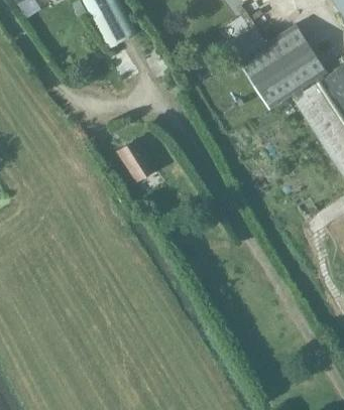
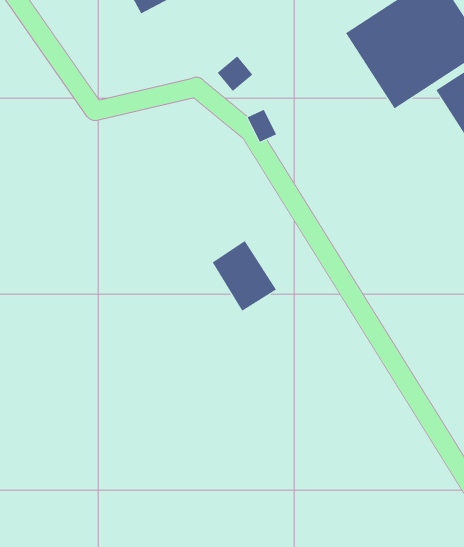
building: [116,138,157,183] -> [212,240,277,312]

